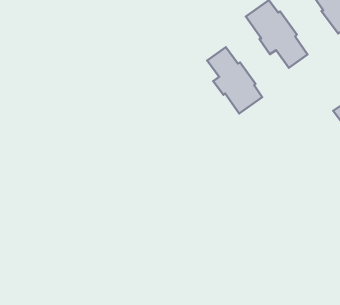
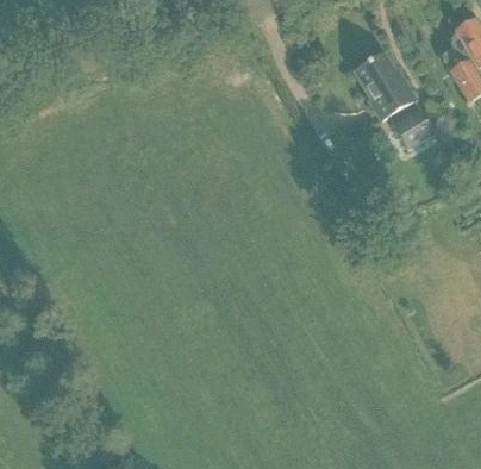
building: [207,47,262,114] -> none

